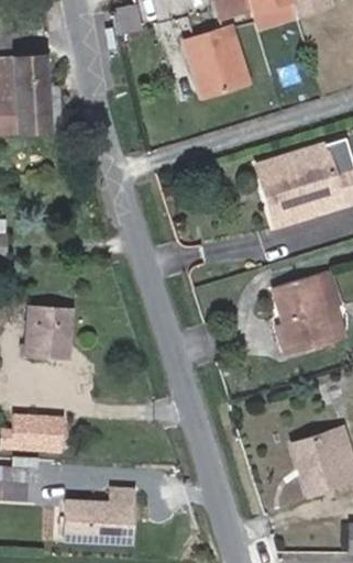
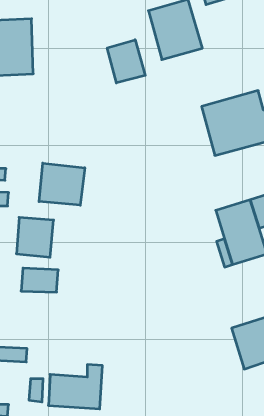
building: none -> [107,40,145,83]
building: none -> [39,163,85,205]
building: [14,415,60,444] -> [21,268,58,292]

